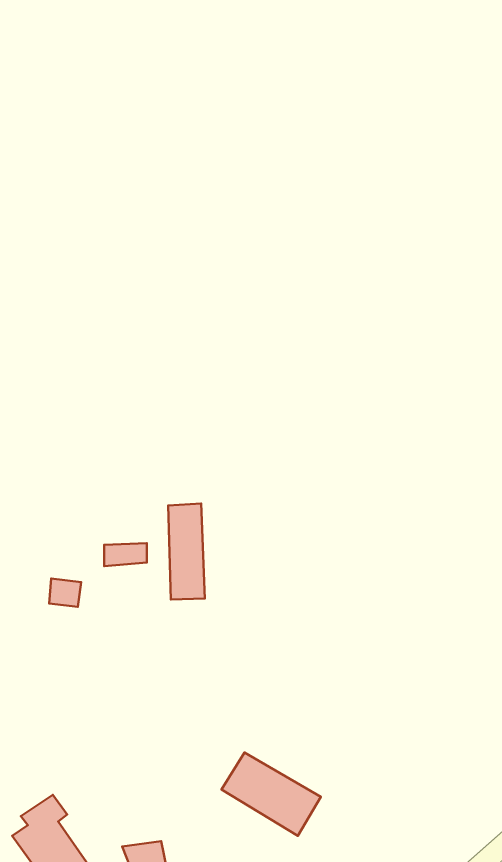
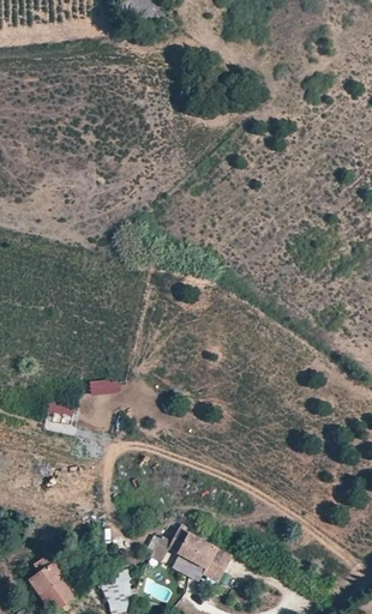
building: [168,503,205,599] -> none

